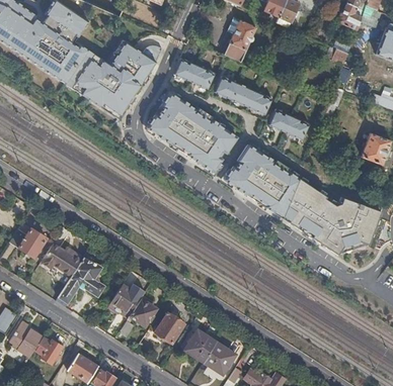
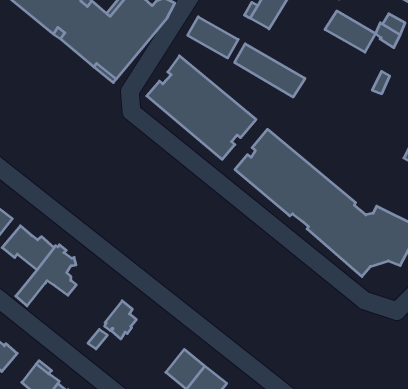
building: [268,109,310,140] -> [325,11,375,52]
building: [111,282,143,314] -> none
building: [155,312,184,343] -> none

